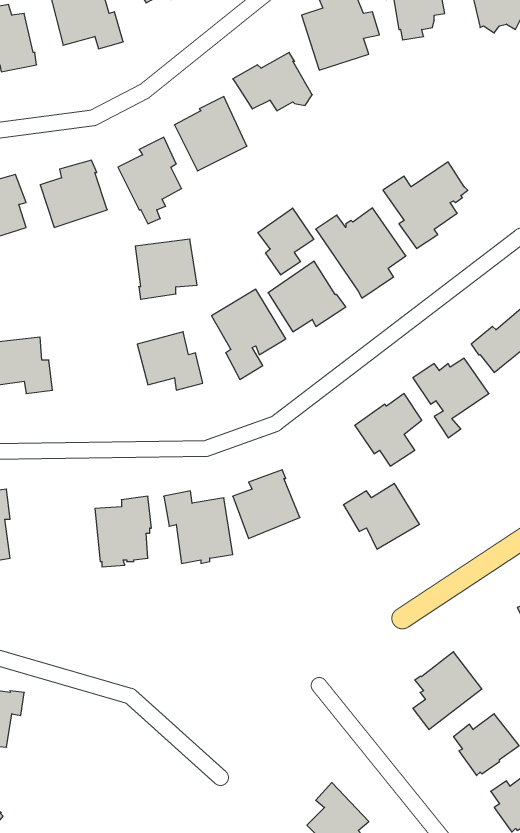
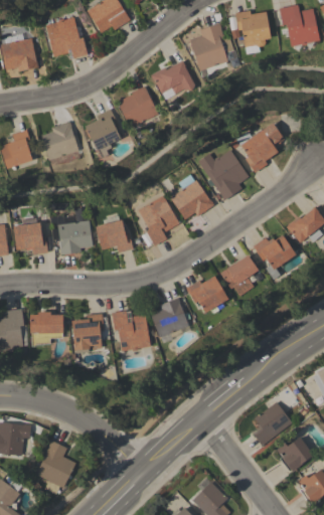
building: [258,208,314,275] -> none
building: [135,239,197,299] -> [57,220,93,254]
building: [343,484,419,549] -> [185,276,228,313]
building: none -> [29,311,63,344]
building: none -> [36,440,75,494]

